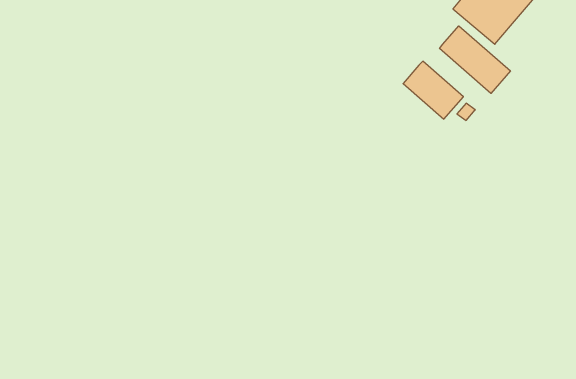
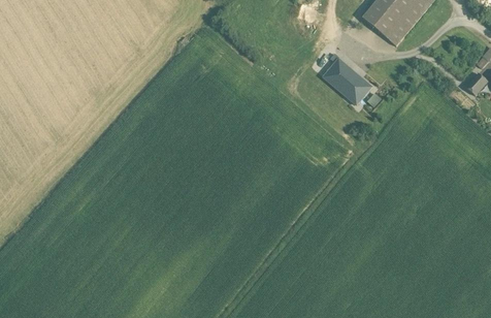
building: [440,26,510,93] -> none

